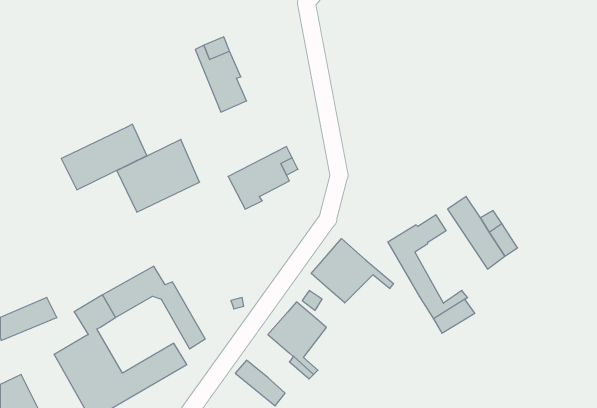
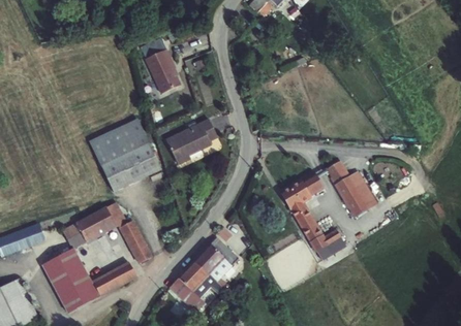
building: [61,124,147,190] -> [99,143,161,191]
building: [311,239,393,303] -> none
building: none -> [181,256,212,287]

